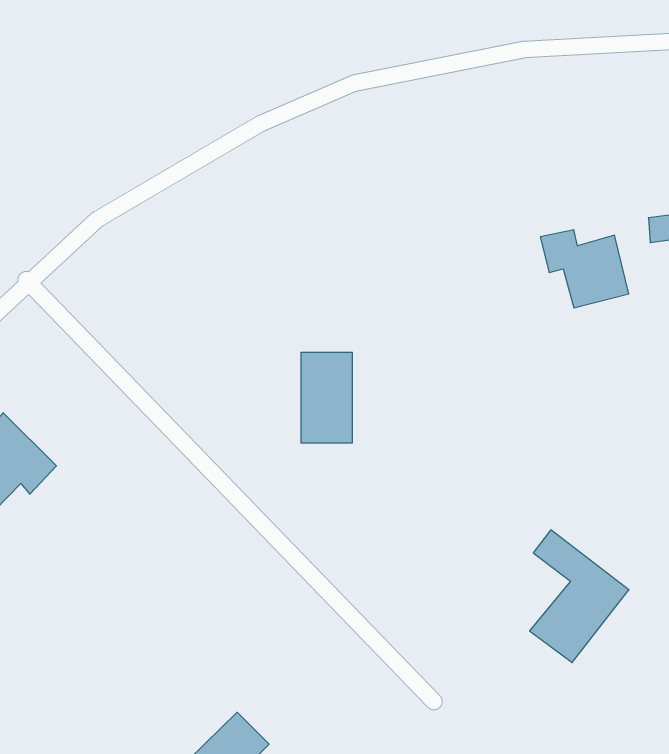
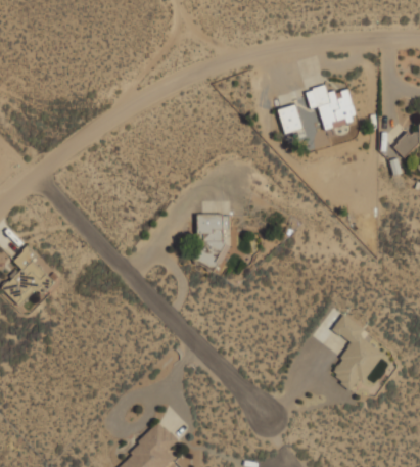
building: none -> [278,103,304,134]
building: [540,230,629,308] -> [307,85,358,130]

